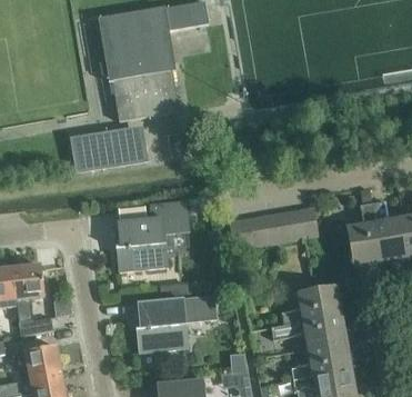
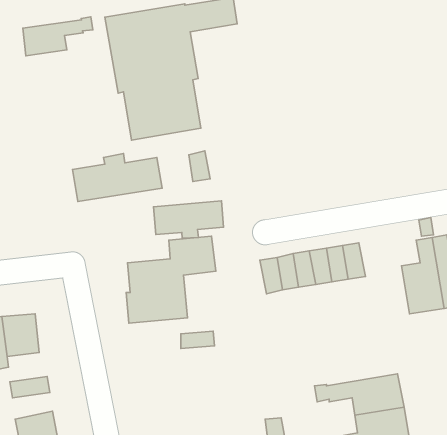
building: none -> [23,17,93,56]
building: none -> [154,201,224,238]
building: [281,287,342,325] -> none
building: [137,294,218,351] -> none

